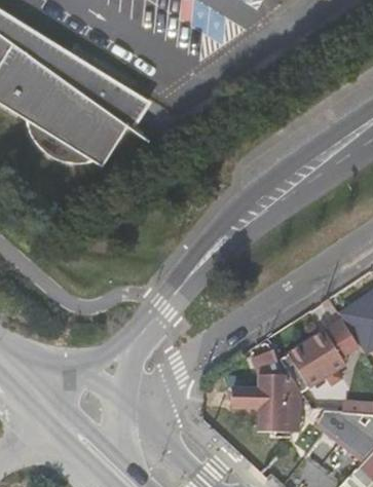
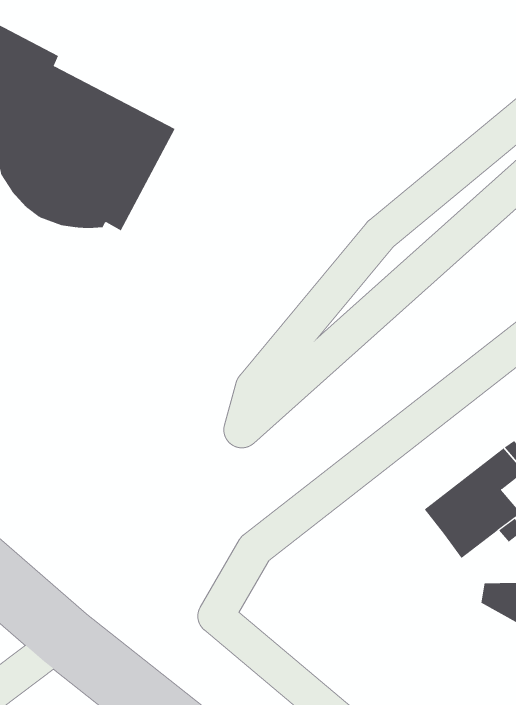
building: [243,374,304,426] -> none

